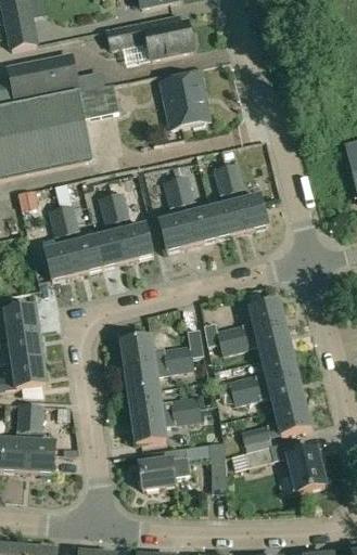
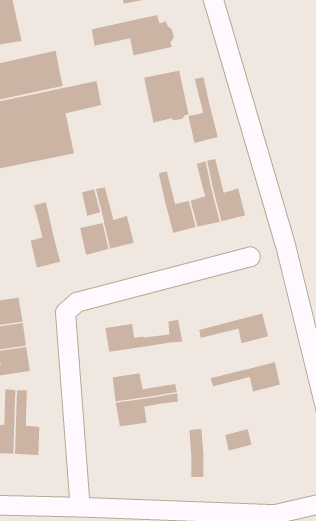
building: [160,179,192,248] -> [187,77,219,144]
building: [62,205,102,271] -> none
building: [216,298,285,340] -> none
building: [228,348,298,390] -> none
building: [126,354,191,389] -> none
building: [241,398,310,440] -> none
building: [139,443,191,487] -> none
building: [289,446,324,489] -> none

